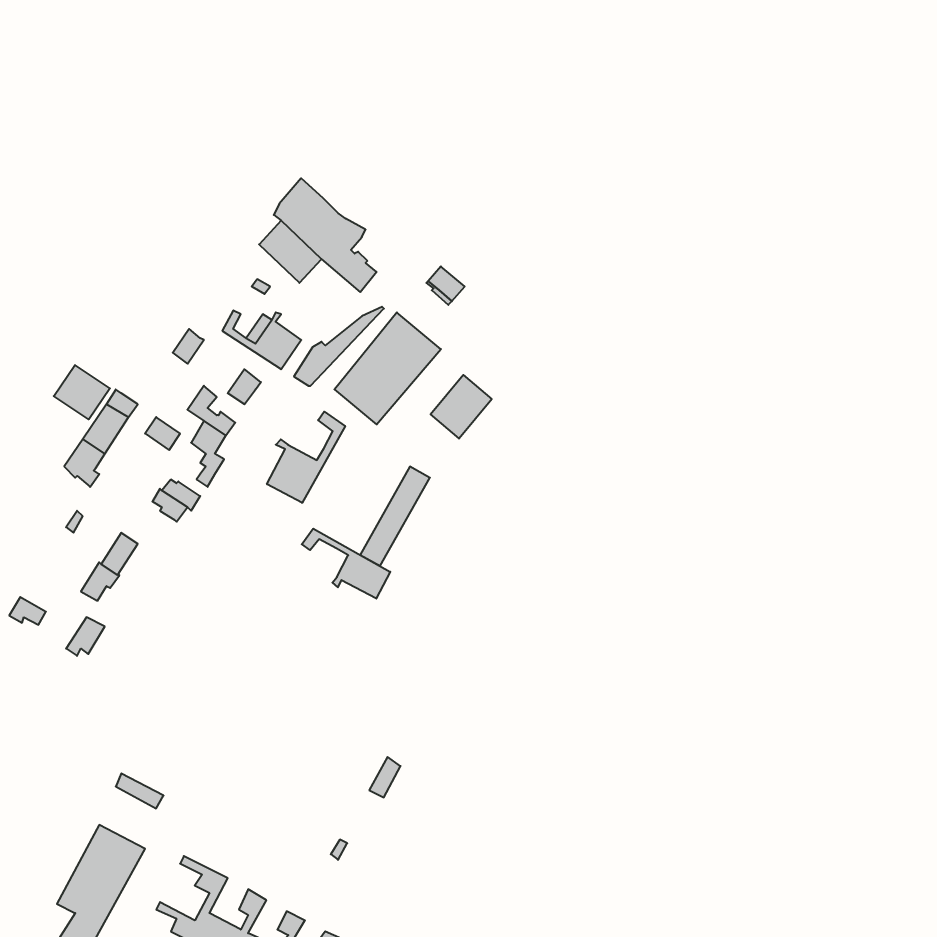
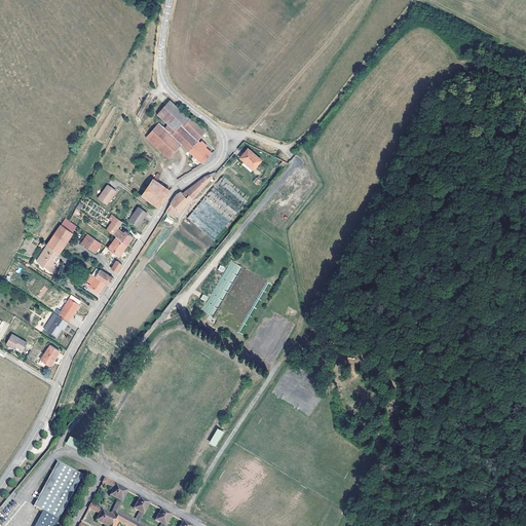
building: [54,365,110,419] -> none
building: [431,375,492,439] -> none
building: [267,412,345,503] -> none
building: [302,529,390,599] -> none

